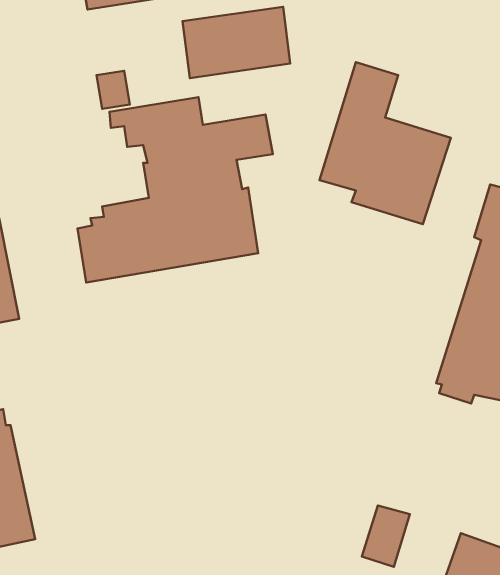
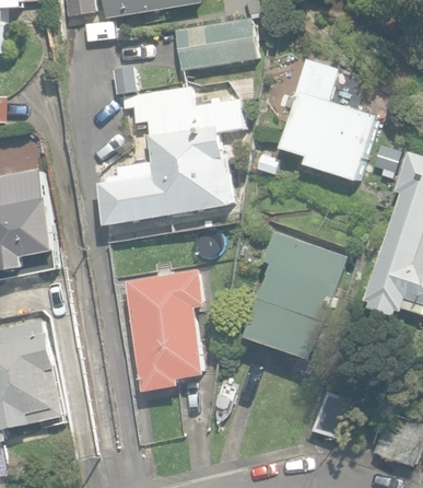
building: none -> [246,230,346,359]
building: none -> [124,269,205,391]

